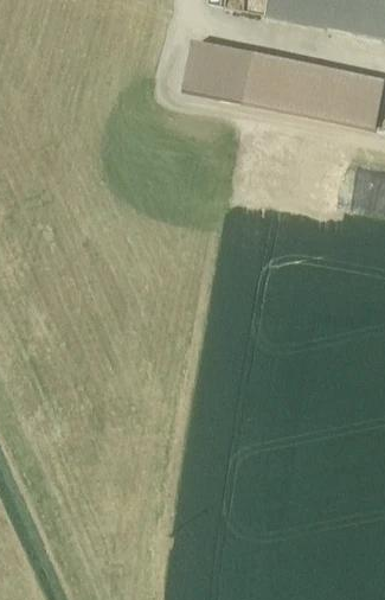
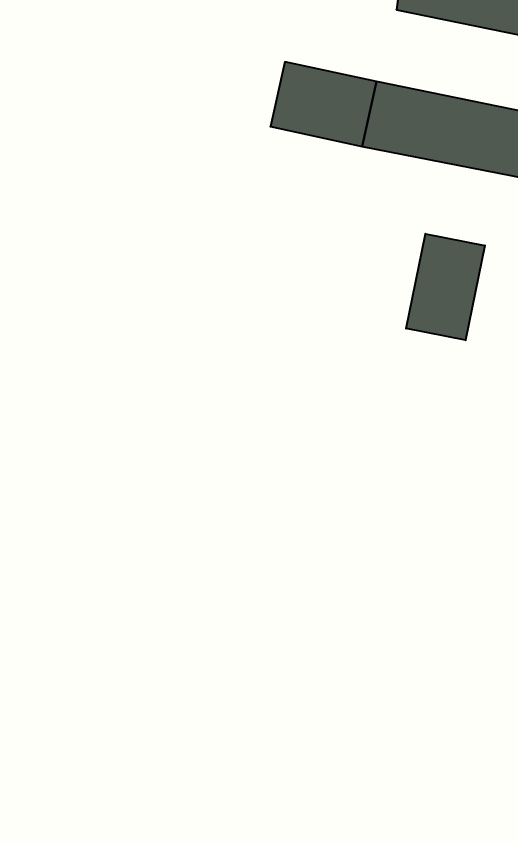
building: none -> [406,234,485,340]

